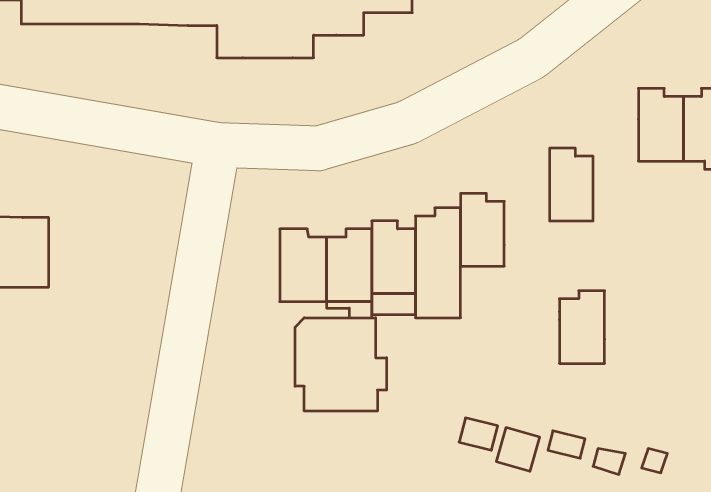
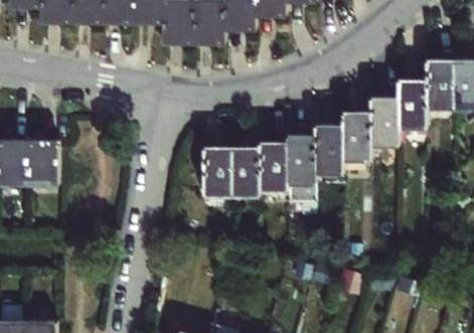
building: none -> [397,80,425,126]
building: [559,291,605,363] -> [341,114,369,159]
building: [295,318,387,411] -> none

